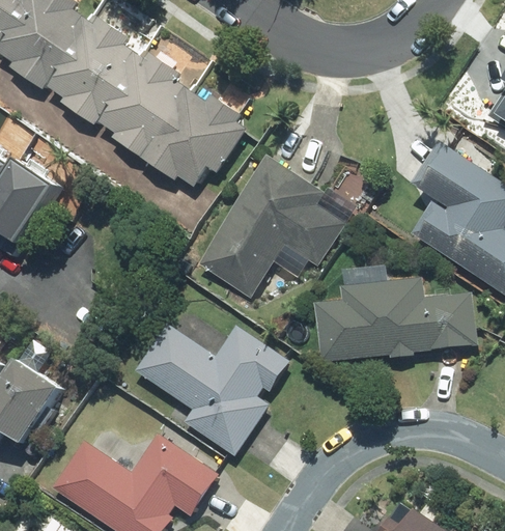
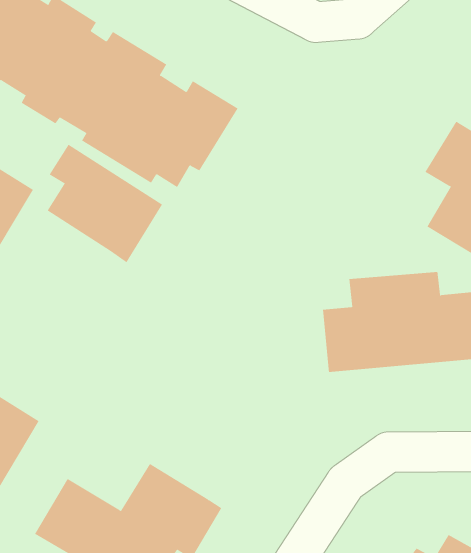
building: none -> [47,144,163,263]
building: [196,152,341,297] -> none
building: [135,322,287,455] -> none

